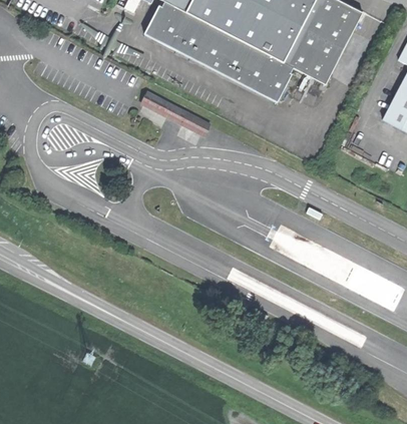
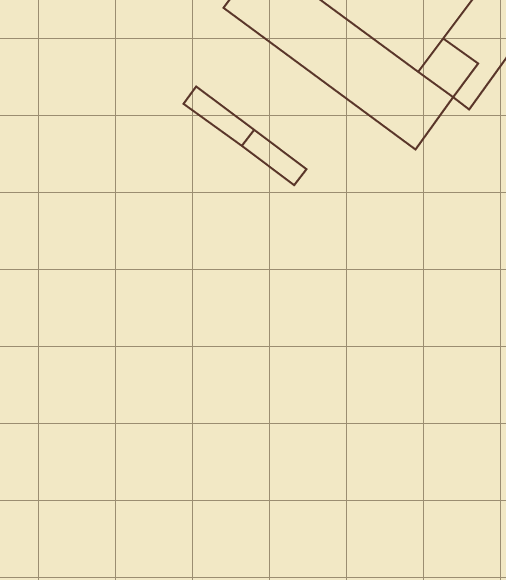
building: [283,37,319,72] -> none

